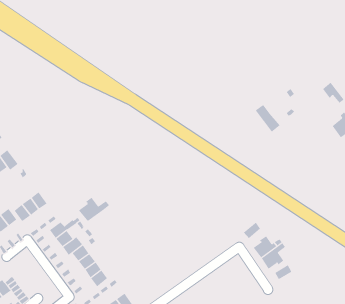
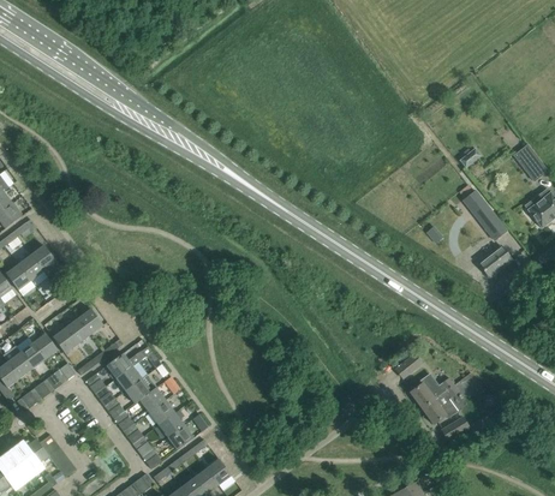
building: [255,104,280,132] -> [469,198,507,240]
building: none -> [478,245,512,277]
building: [78,197,110,222] -> none

